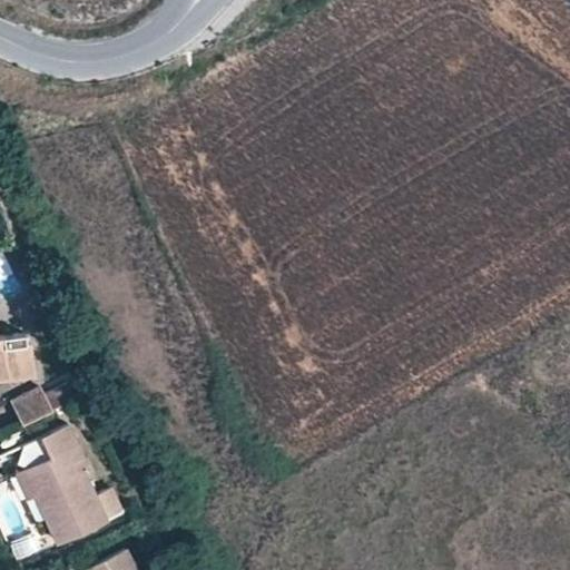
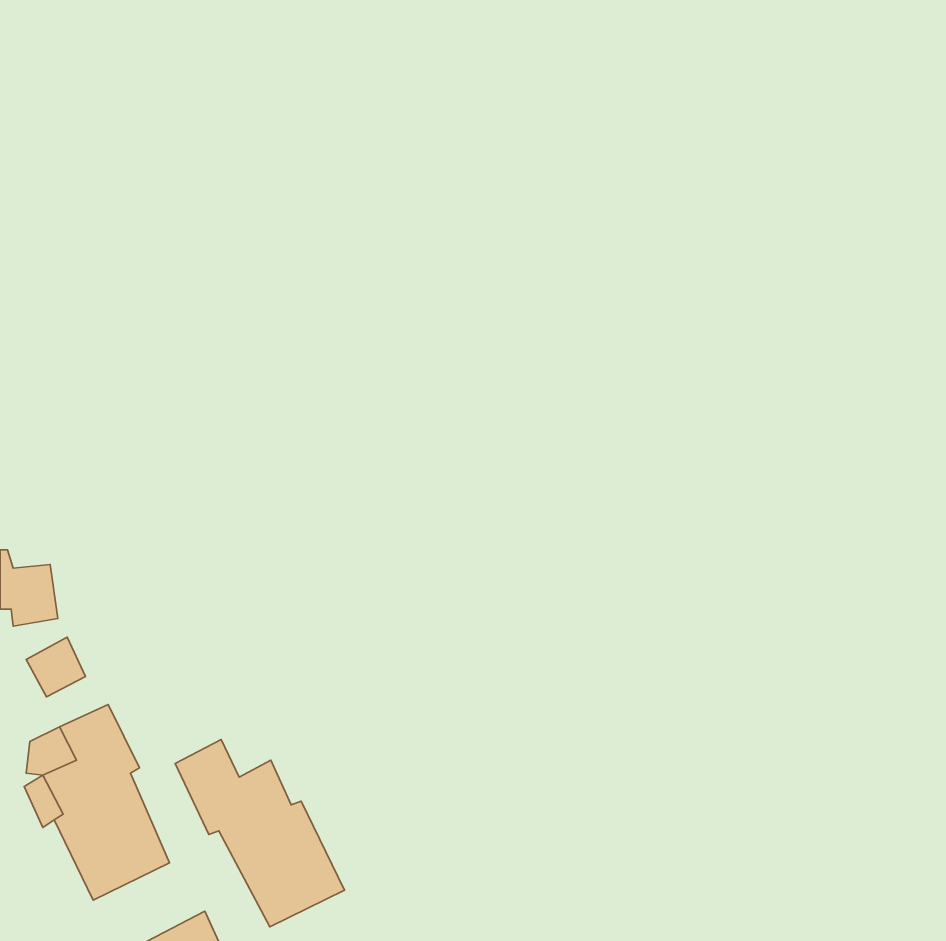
building: none -> [175,740,345,927]

